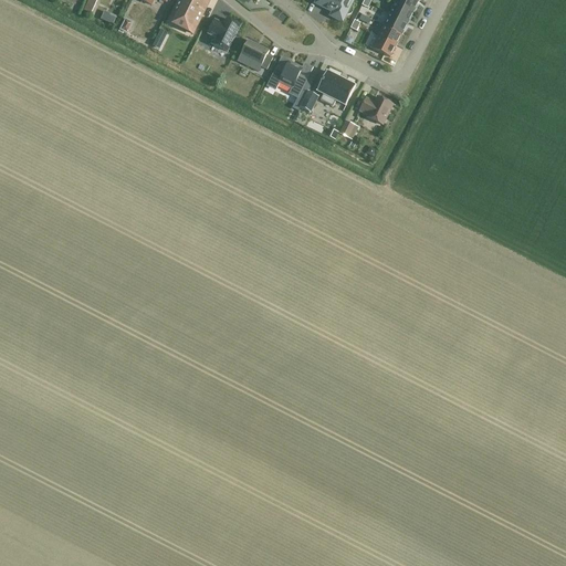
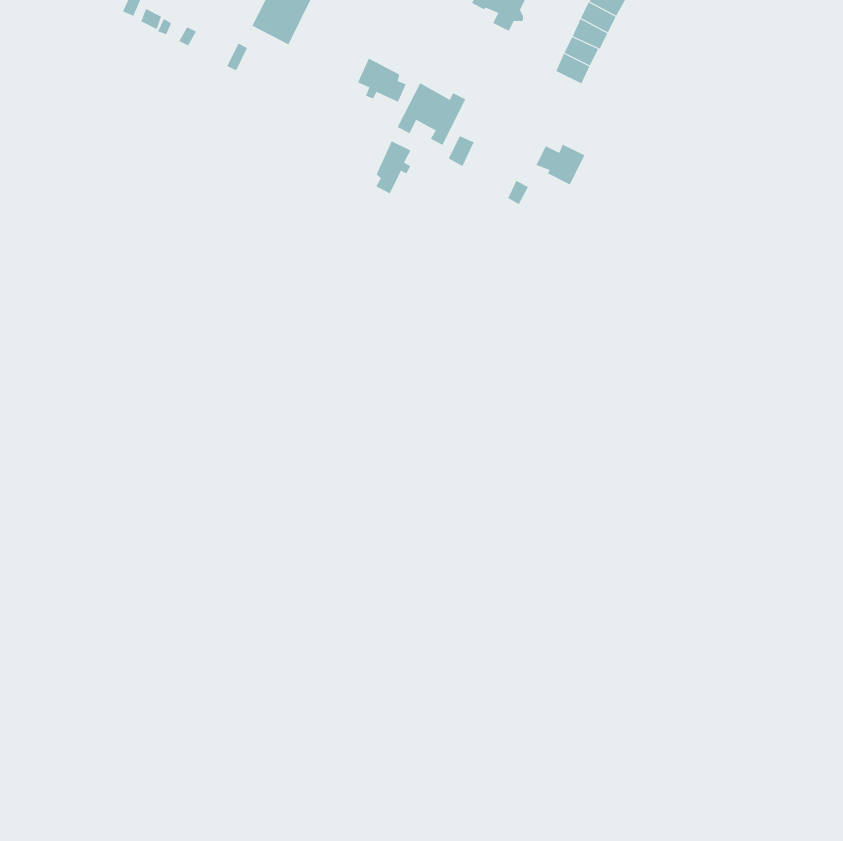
building: [207,18,238,50] -> none
building: [316,70,355,106] -> none
building: none -> [375,140,411,194]

